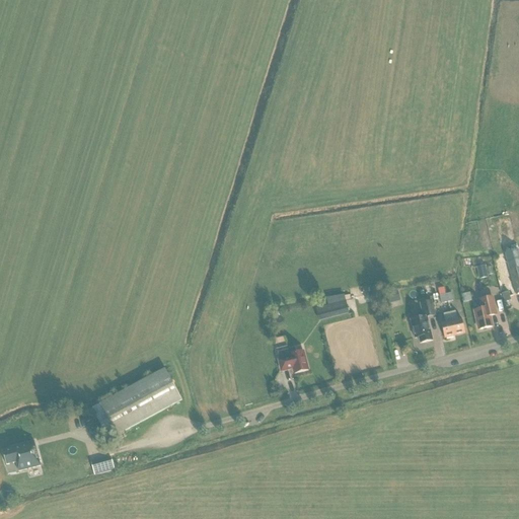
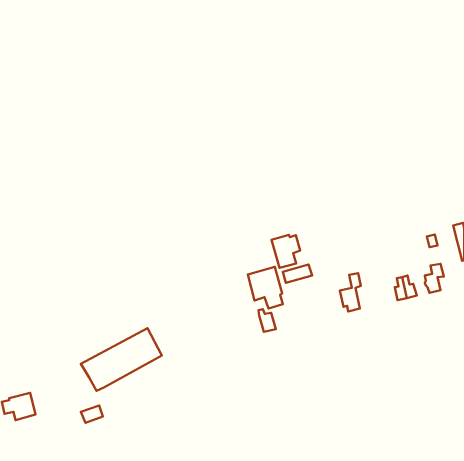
building: none -> [272,235,300,268]
building: none -> [248,267,283,309]
building: [410,298,433,341] -> [340,273,361,311]

